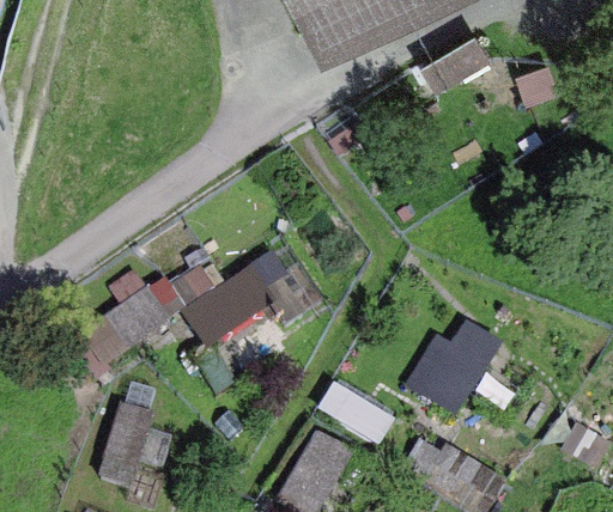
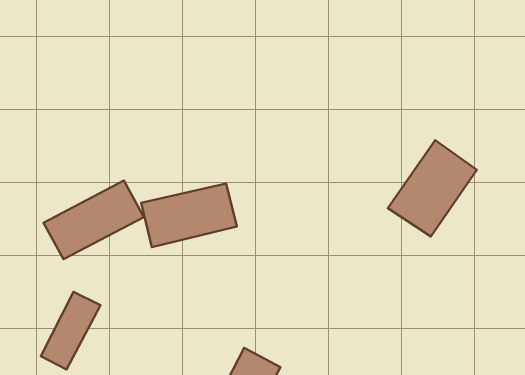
building: [411,313,497,414] -> [388,140,477,237]

